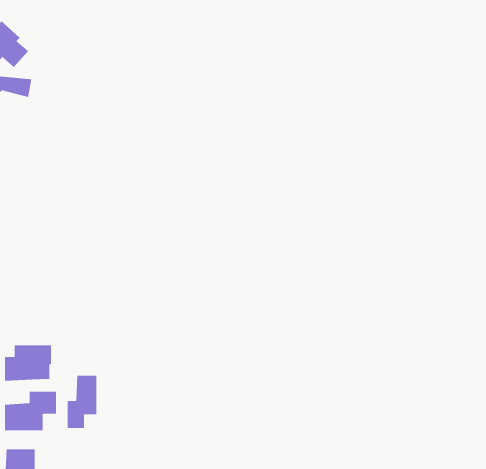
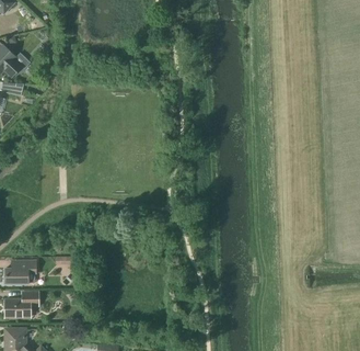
building: [67,375,97,429] -> none

